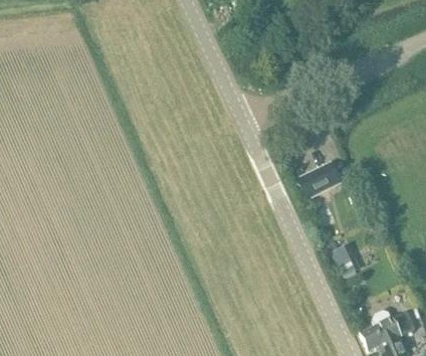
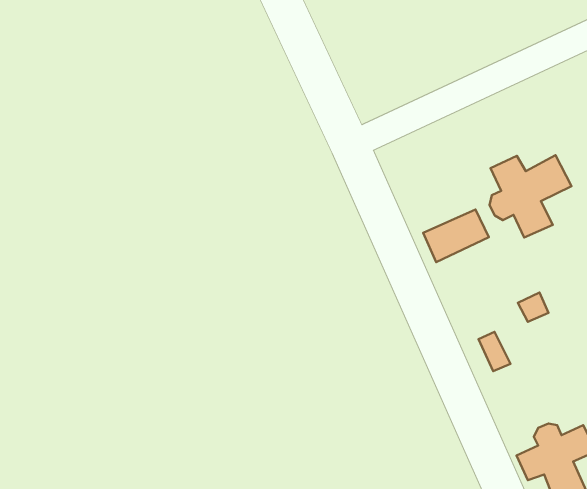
building: none -> [489,155,571,238]

